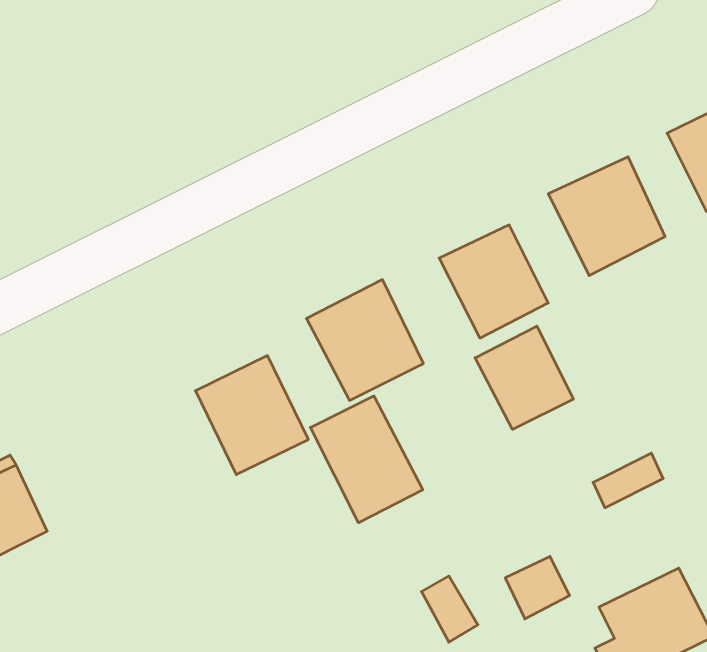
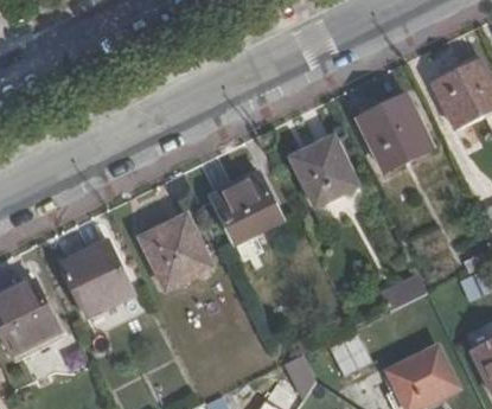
building: [475,326,573,429] -> none
building: [310,396,423,523] -> none
building: none -> [60,243,133,319]

